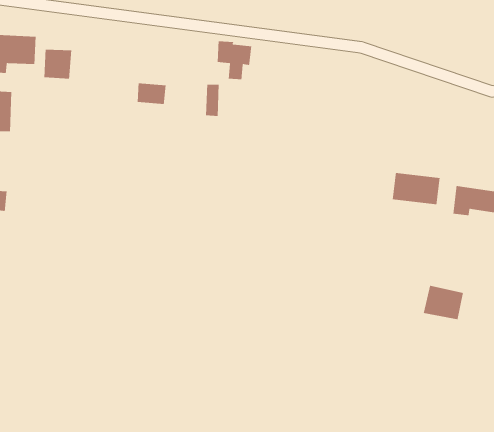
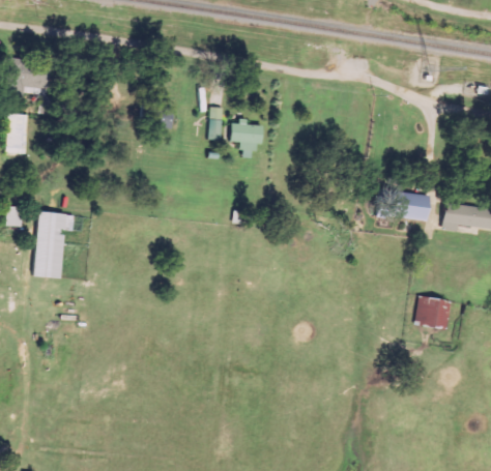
building: [217,40,252,80] -> [230,120,263,157]
building: [44,49,72,80] -> none
building: none -> [33,211,75,278]

